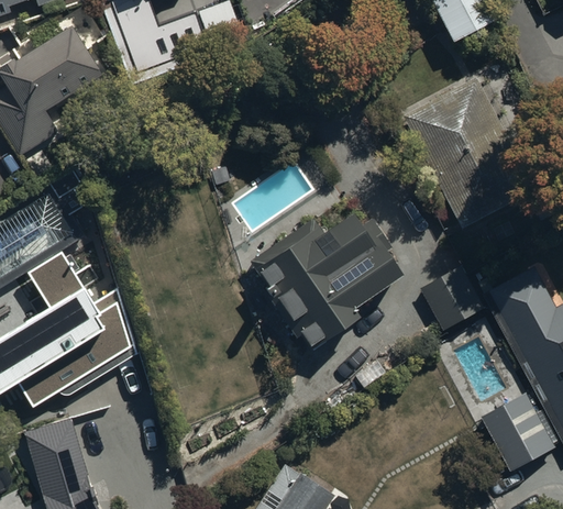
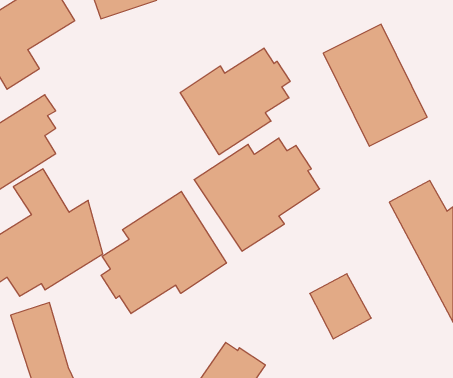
building: none -> [180,48,290,155]
building: [420,266,486,335] -> none
building: none -> [101,191,226,314]
building: [482,391,556,471] -> [310,274,371,339]

